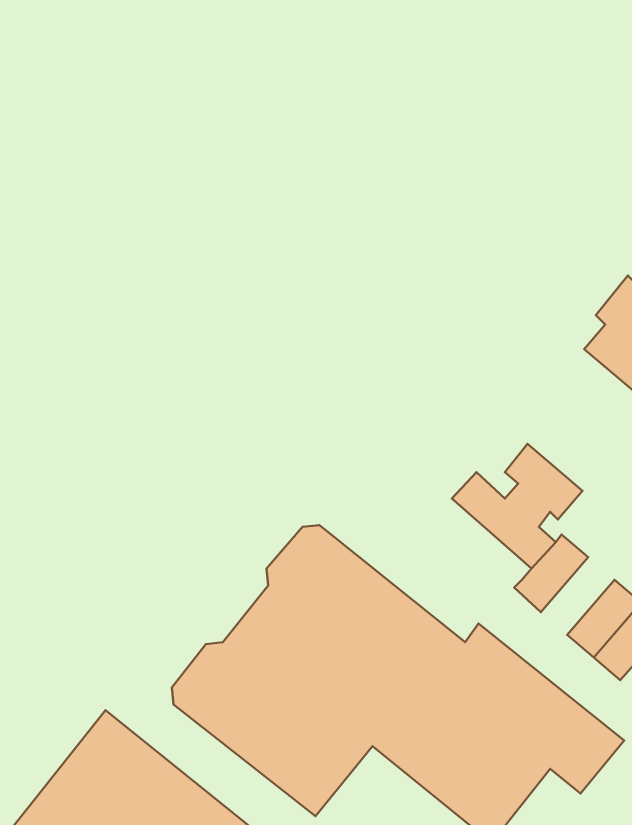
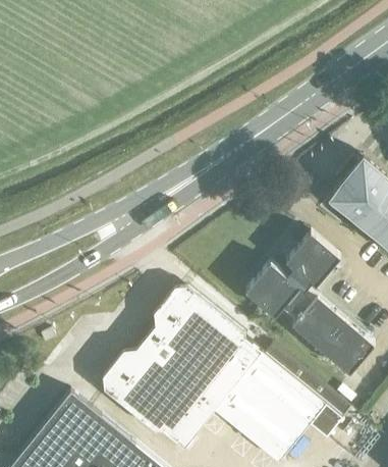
building: none -> [298,235,340,274]
building: none -> [245,278,300,322]
building: none -> [306,310,345,352]

